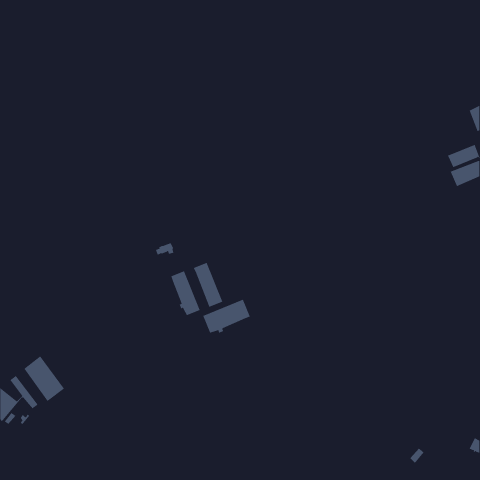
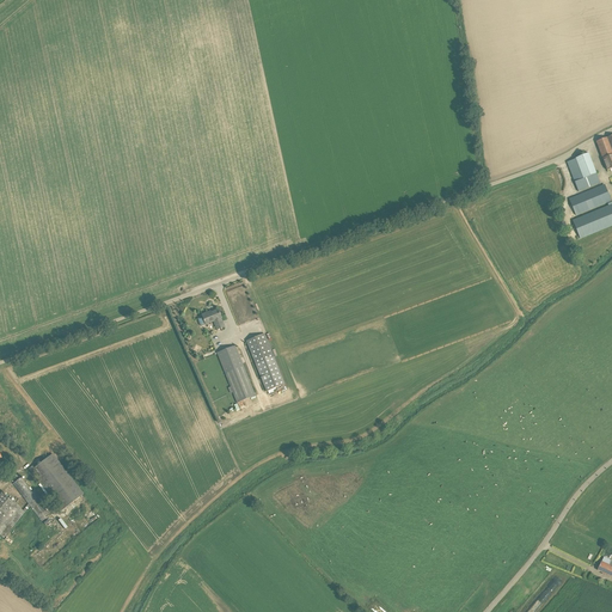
building: none -> [565,149,600,190]
building: [202,299,250,333] -> none

